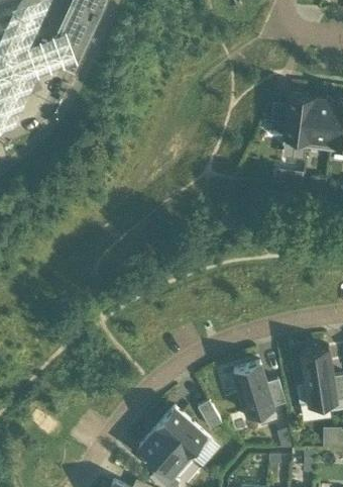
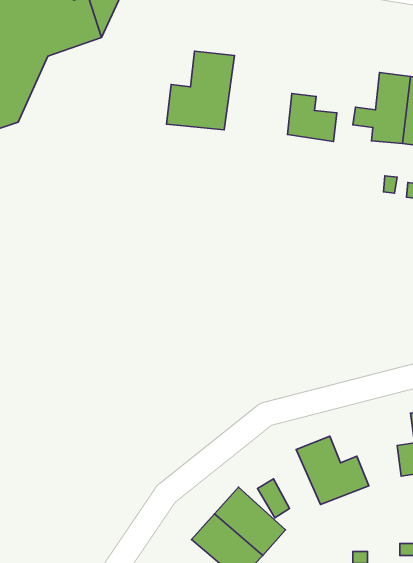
building: none -> [167,51,234,130]
building: none -> [288,94,337,141]

